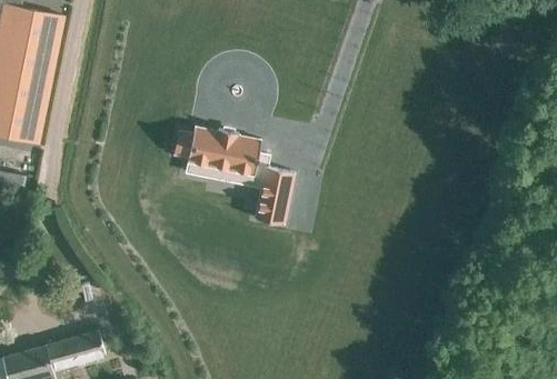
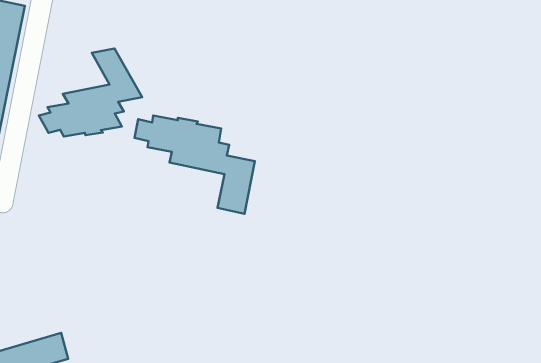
building: none -> [39,48,142,137]

